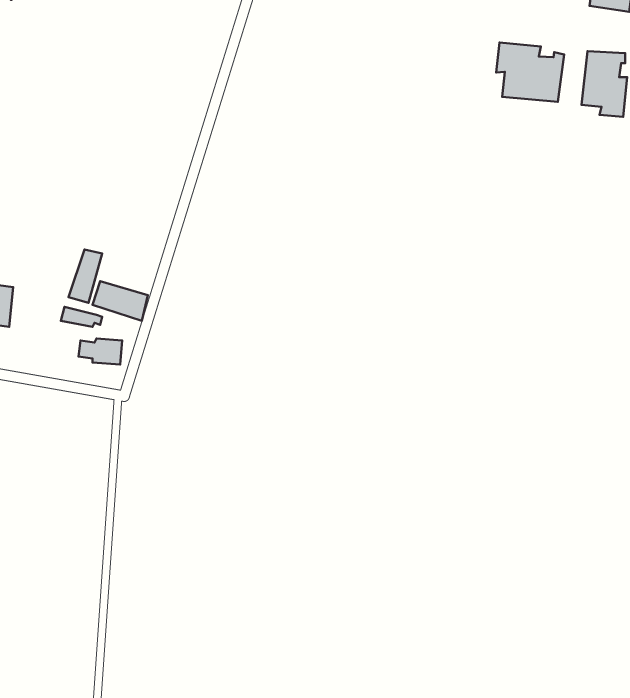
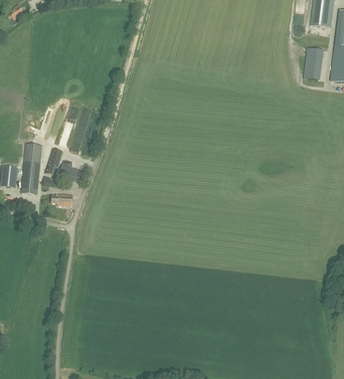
building: [496,42,564,102] -> none
building: none -> [20,143,40,193]

